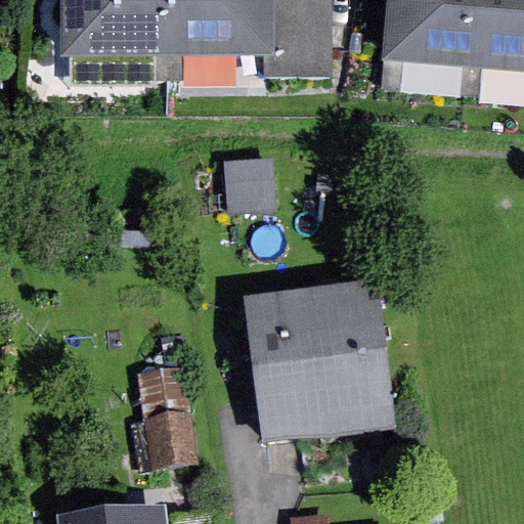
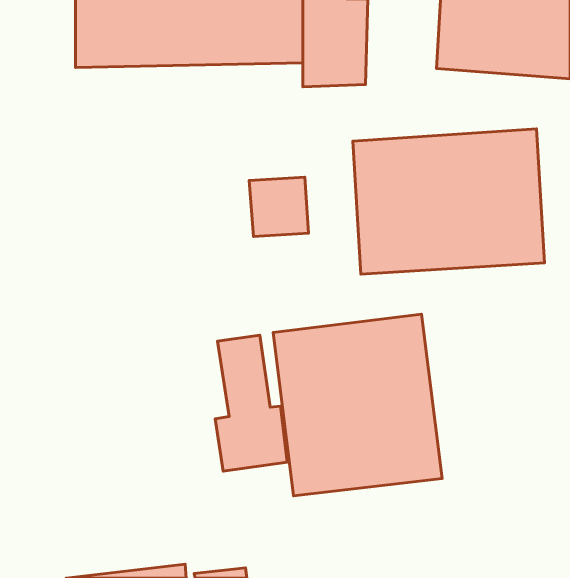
building: none -> [353,129,545,274]
building: [131,347,195,469] -> [215,335,287,471]

